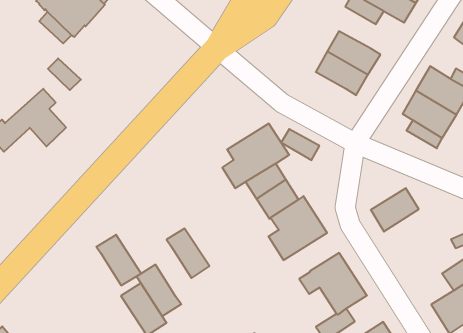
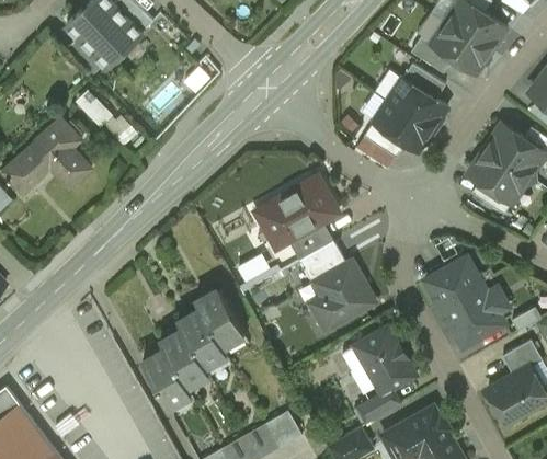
building: none -> [402,65,445,100]
building: [281,129,319,160] -> [364,123,407,159]
building: none -> [440,283,503,346]
building: [96,235,141,285] -> [178,308,226,365]

